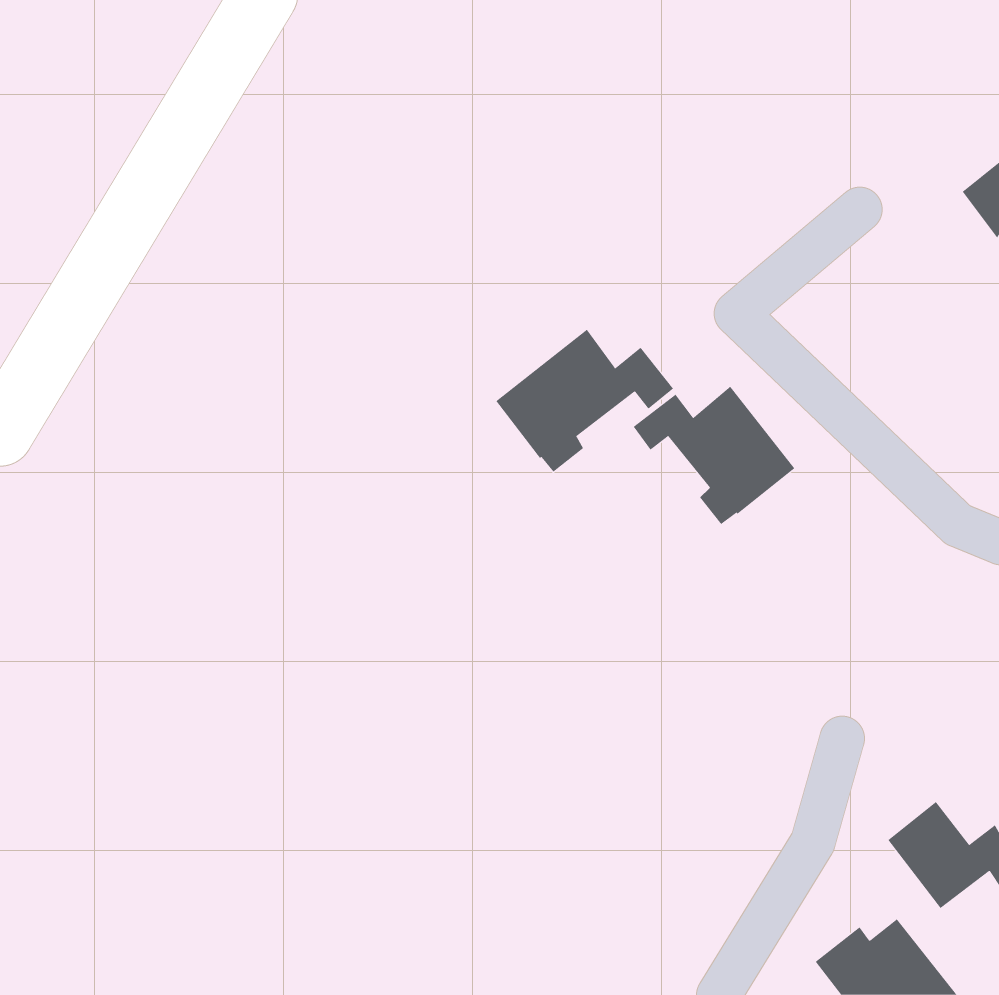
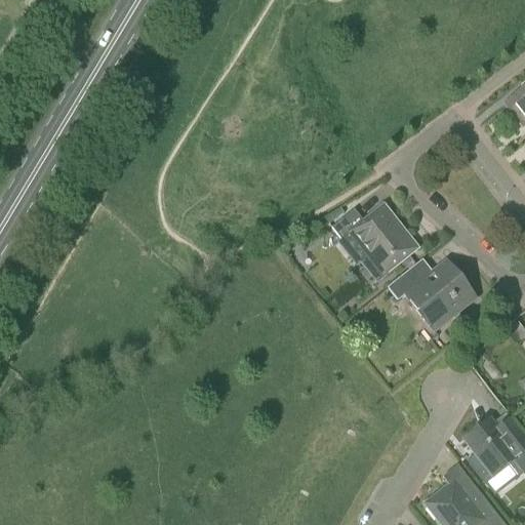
building: [495,329,674,472] -> none
building: none -> [388,261,466,330]

